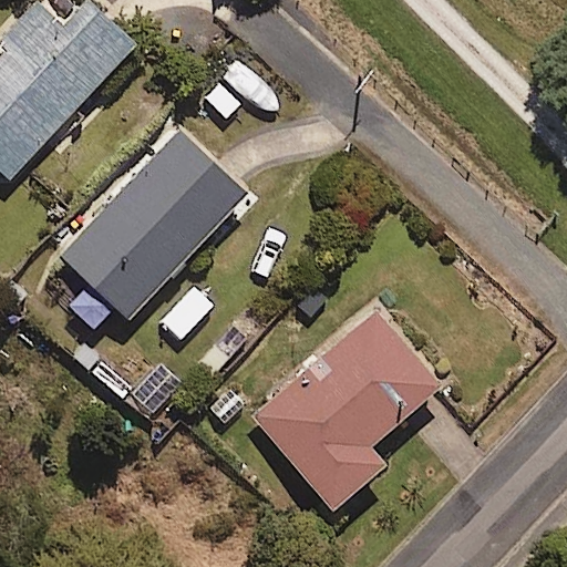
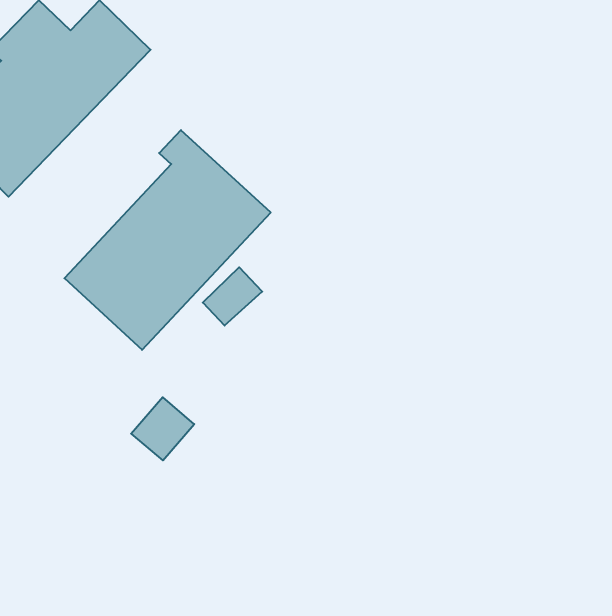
building: [252,311,440,512] -> none

